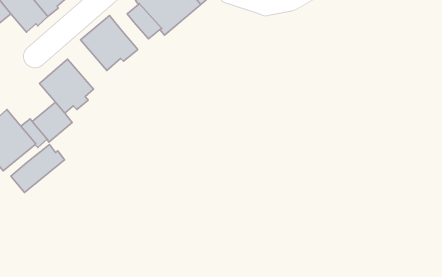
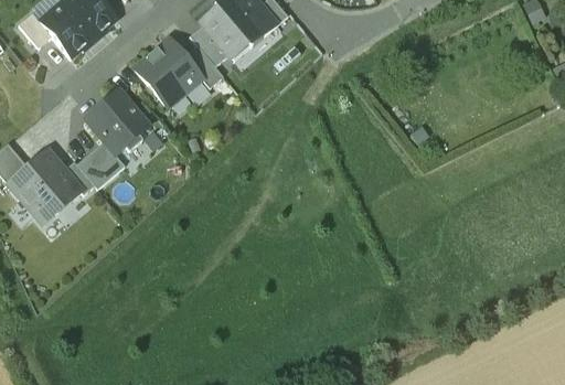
building: none -> [183,45,223,87]
building: [11,144,65,193] -> none

